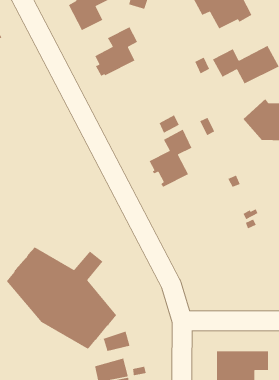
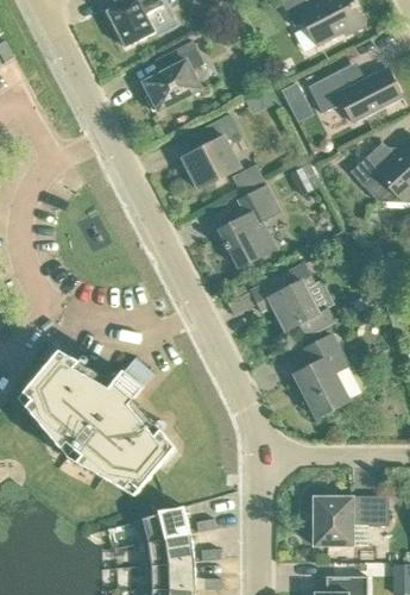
building: none -> [181,113,241,188]
building: none -> [251,263,333,334]
building: none -> [294,333,348,416]
building: [99,330,130,352] -> none

